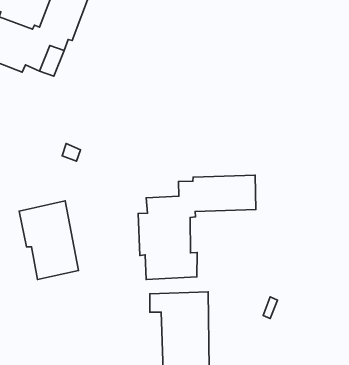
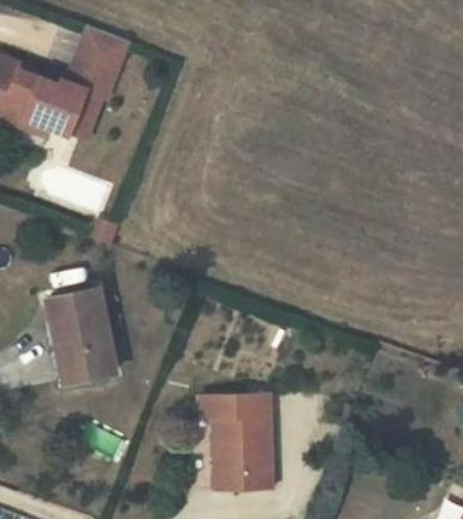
building: [138,175,256,280] -> none

